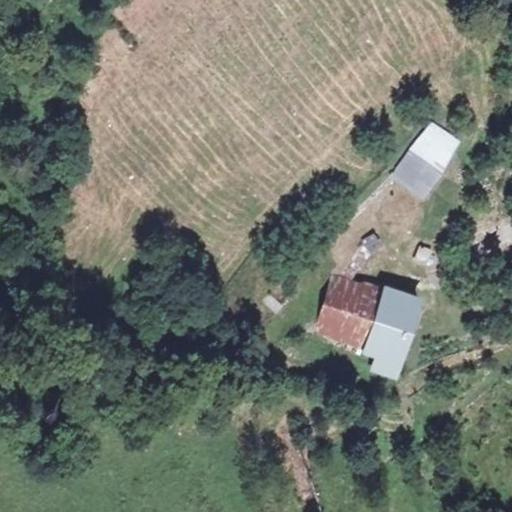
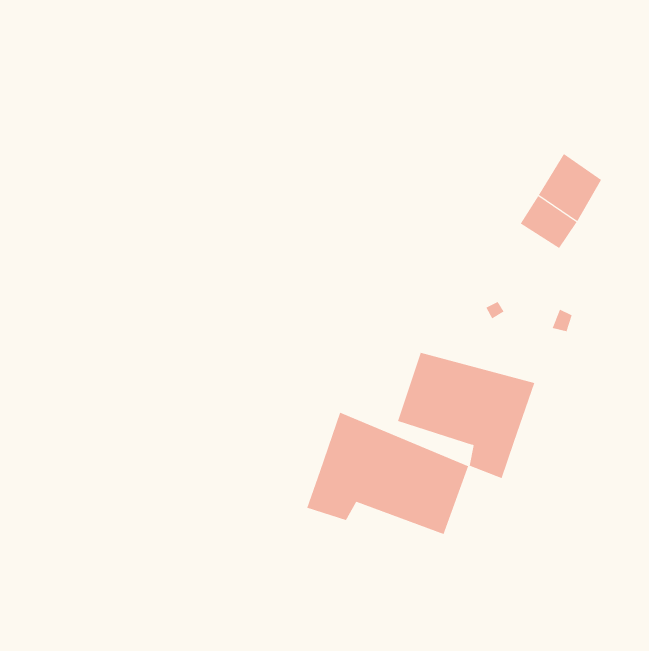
building: none -> [306,412,469,535]

